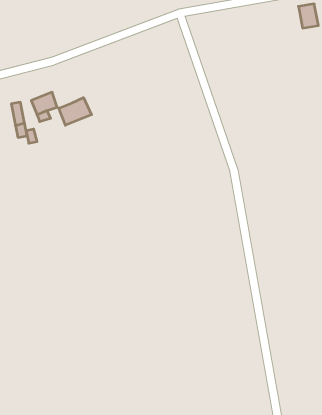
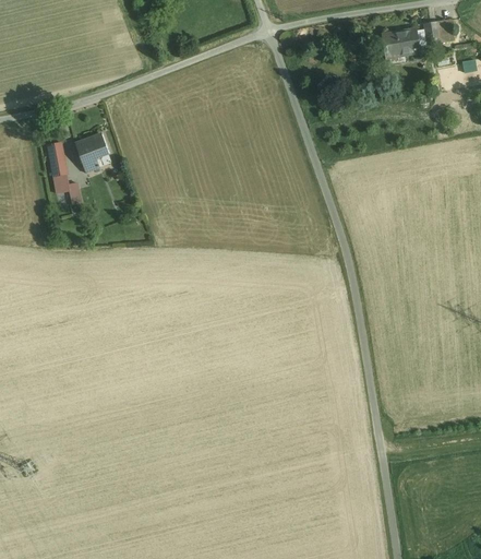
building: none -> [382,25,420,62]
building: [59,98,92,125] -> none

